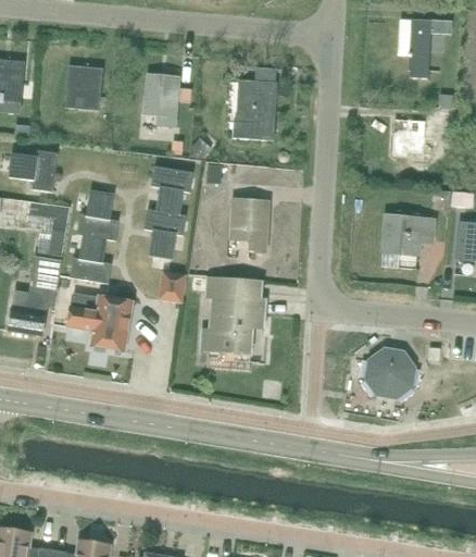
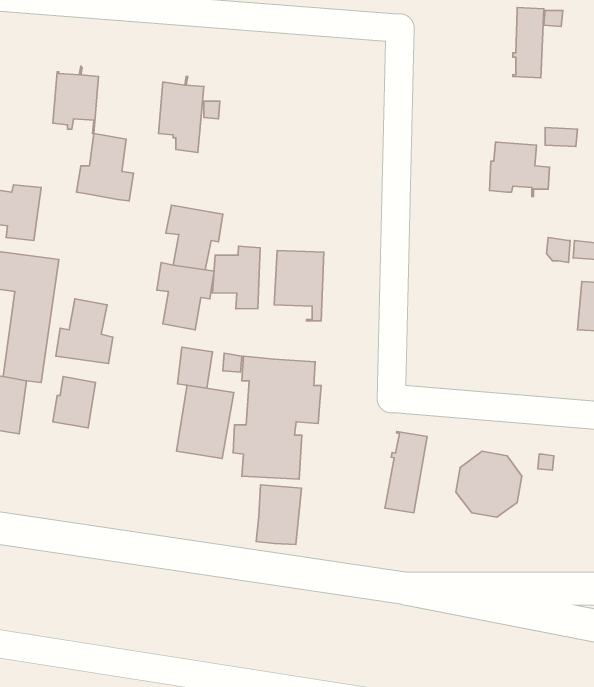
building: [231,82,275,140] -> none
building: [76,190,118,240] -> [76,133,133,201]
building: none -> [213,246,260,309]
building: [381,215,431,255] -> none
building: [90,296,133,350] -> [177,385,234,459]
building: none -> [385,431,427,513]
building: none -> [256,485,301,545]

